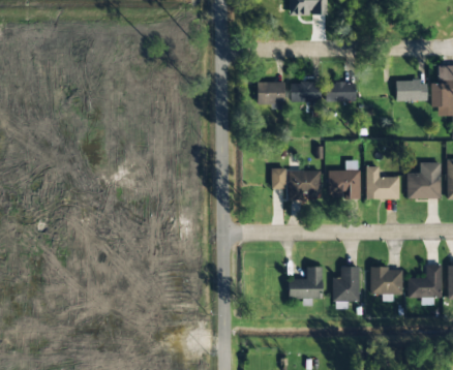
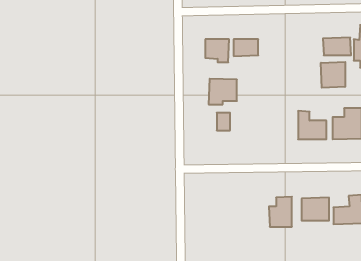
building: [325,82,356,102] -> none
building: none -> [321,62,345,88]
building: [328,160,360,197] -> none
building: [289,169,322,199] -> [209,79,237,104]
building: [289,267,322,298] -> none

